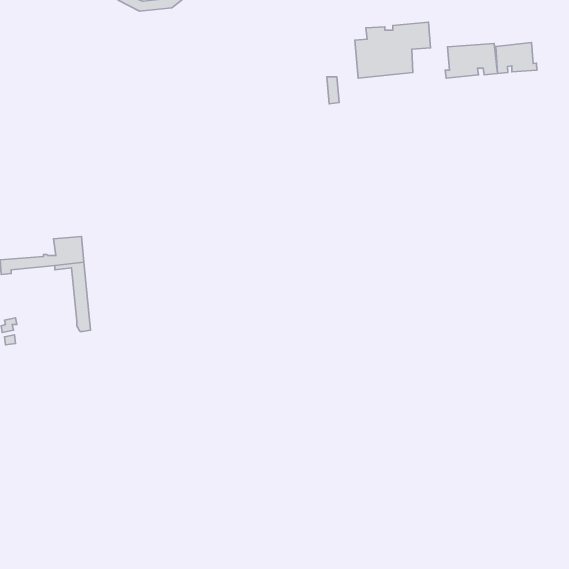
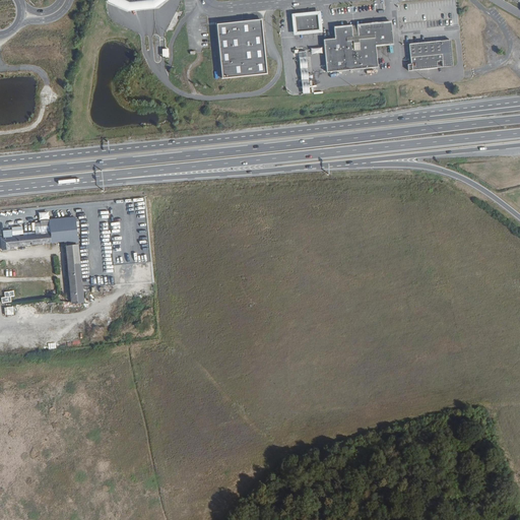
building: none -> [295,11,321,30]
building: none -> [216,18,266,76]
building: [496,43,537,73] -> none

